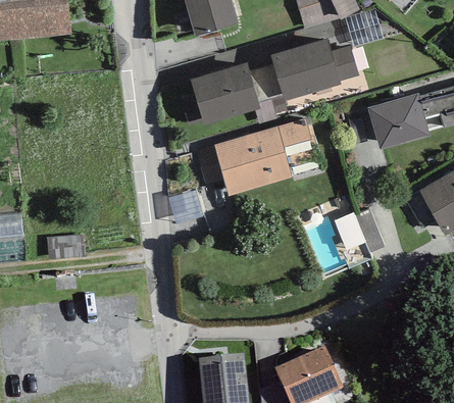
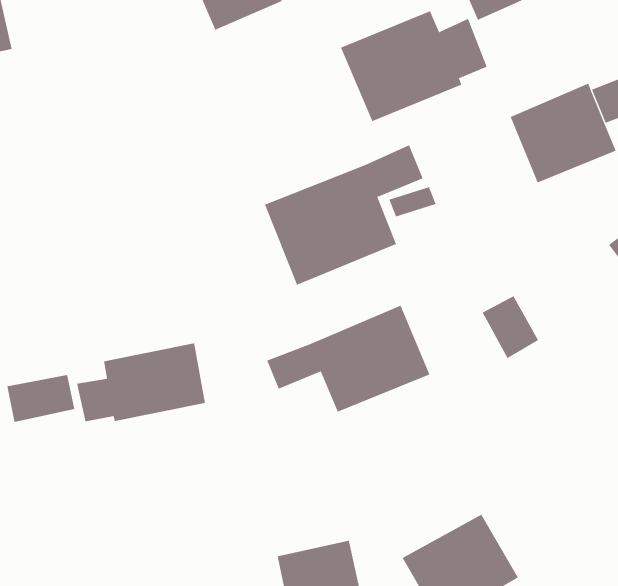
building: [190,62,259,124] -> none
building: none -> [267,305,430,413]
building: none -> [77,342,206,422]

